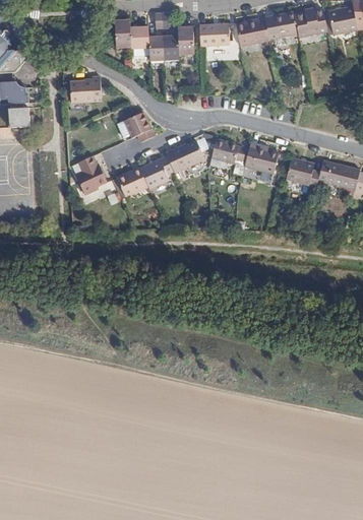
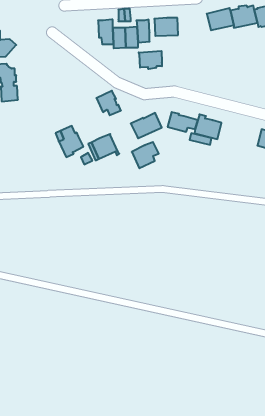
building: [235,18,268,46] -> none
building: [113,19,129,47] -> none
building: none -> [139,51,162,69]
building: [73,77,105,105] -> none
building: [143,156,177,189] -> [132,142,159,168]
building: [288,157,322,187] -> none

